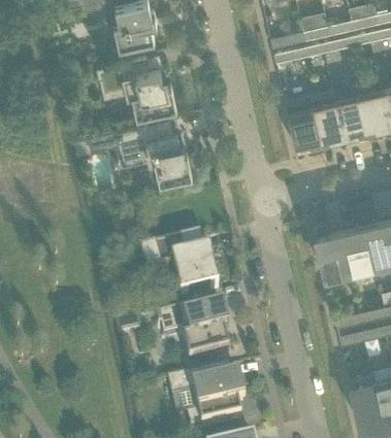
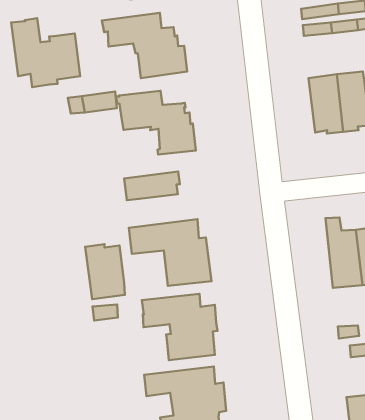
building: none -> [11,18,80,87]
building: none -> [124,171,180,200]
building: none -> [85,244,125,299]

